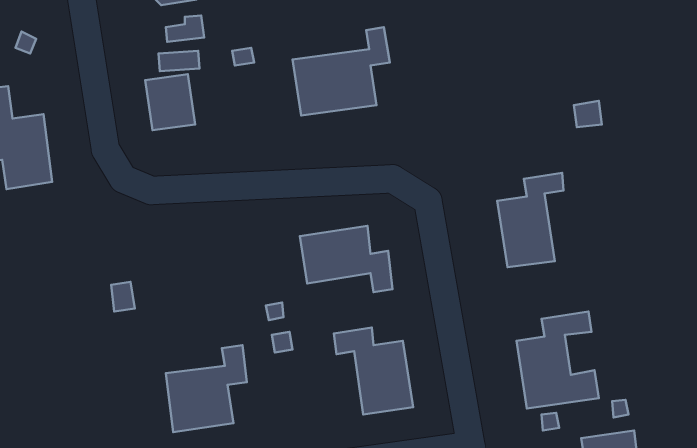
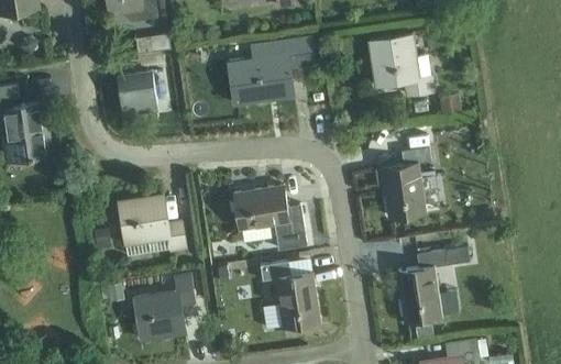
building: none -> [369,34,433,95]
building: none -> [120,194,187,252]

